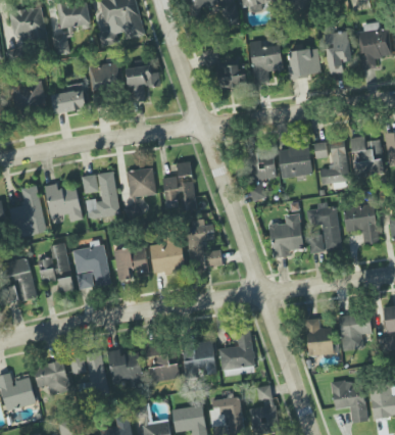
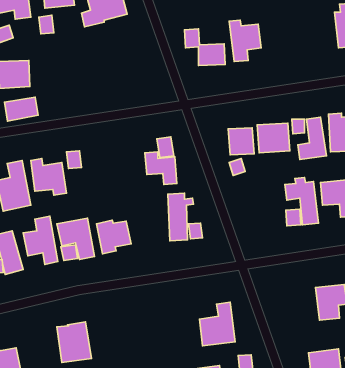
building: [324,30,350,74] -> none
building: [288,48,318,77] -> none
building: [89,62,122,92] -> none
building: [125,64,160,102] -> none
building: [51,89,86,113] -> [5,97,38,121]
building: [124,167,155,215] -> none
building: [85,171,118,219] -> none
building: [268,212,302,257] -> none
building: [148,239,185,275] -> none
building: [306,318,332,354] -> none
building: [182,341,214,374] -> none
building: [145,343,179,380] -> none
building: [107,349,143,387] -> none
building: [32,359,69,394] -> none

